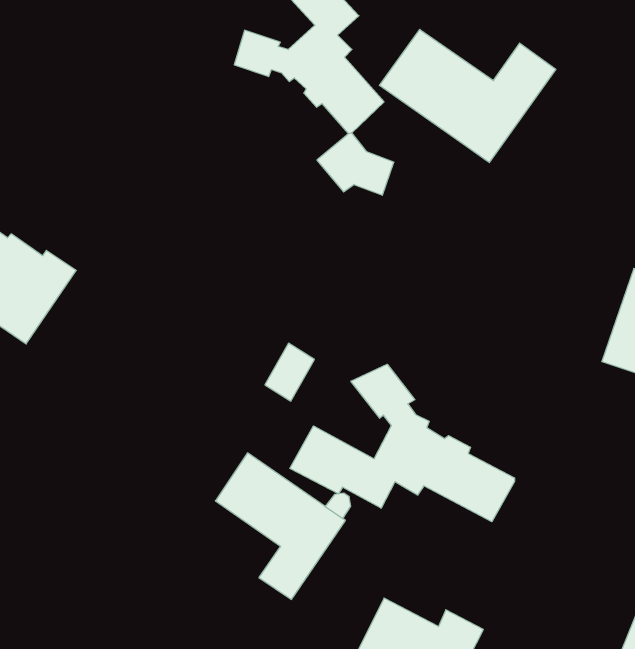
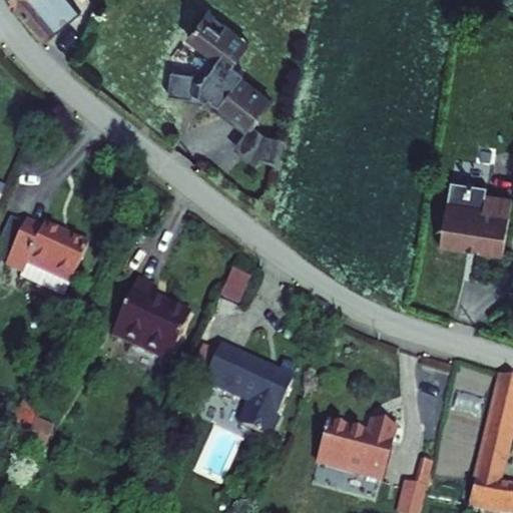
building: [379,29,556,163] -> none
building: none -> [110,277,190,358]
building: [290,364,515,522] -> none

